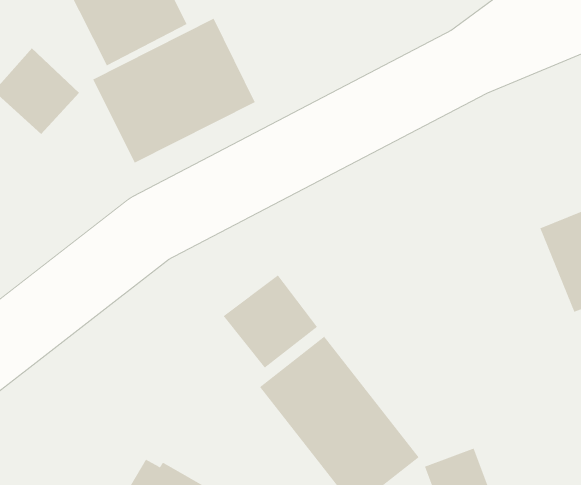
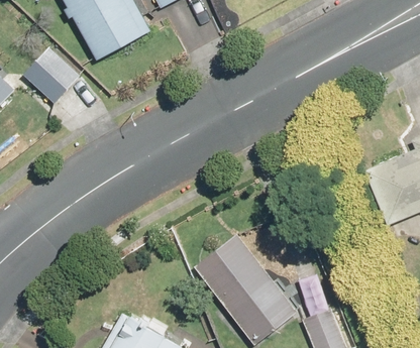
building: [93,18,255,164] -> none
building: [223,274,318,369] -> none

